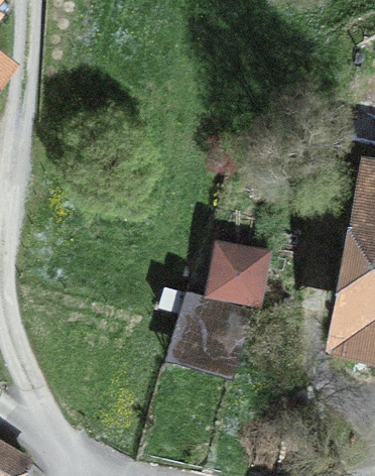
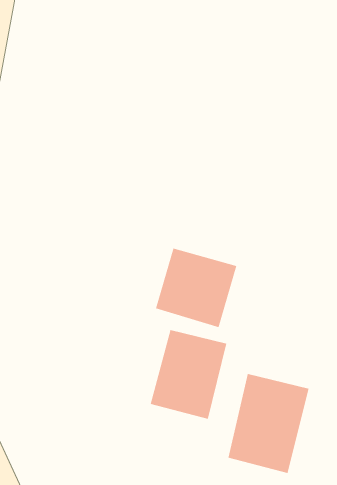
building: none -> [228,373,309,474]

